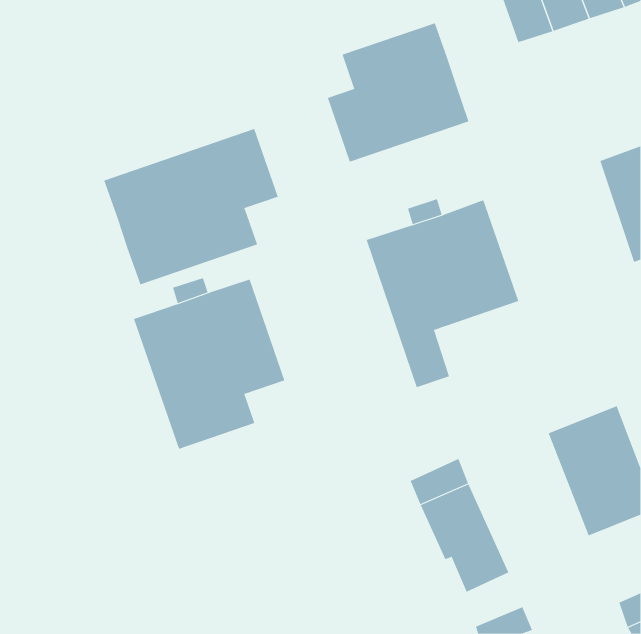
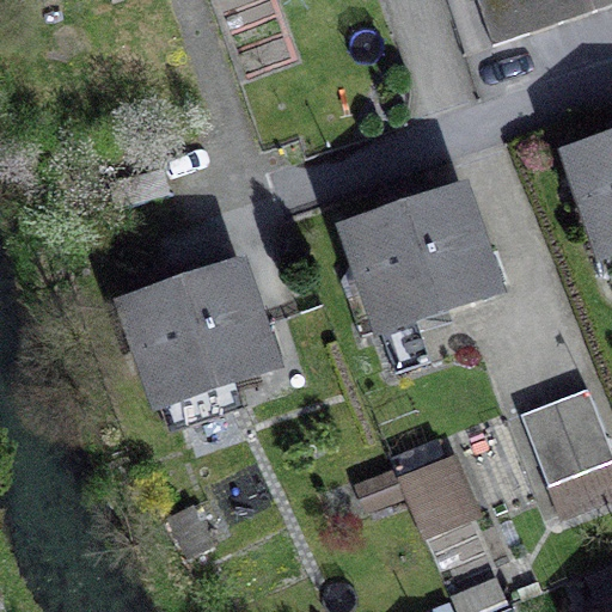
building: [327,22,469,163] -> none
building: [104,128,278,285] -> none

